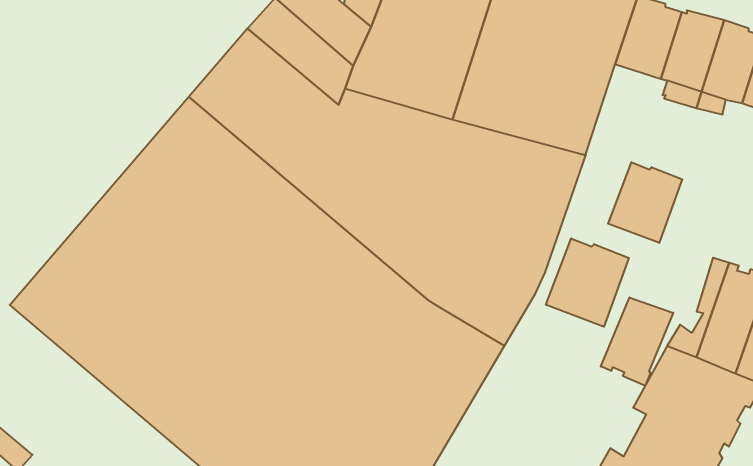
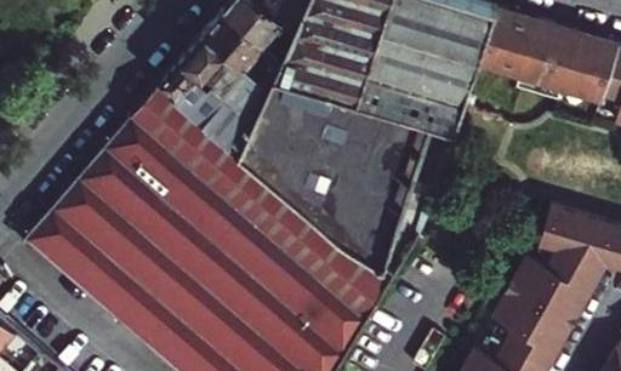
building: [608,162,682,243] -> none
building: [546,238,629,327] -> none
building: [601,297,673,386] -> none

